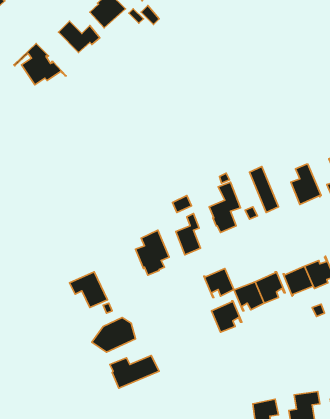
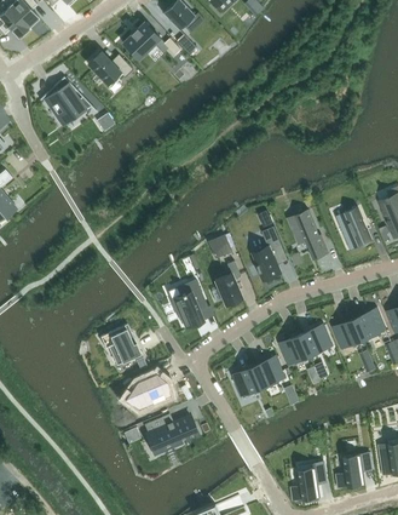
building: [204,268,234,297] -> [230,366,263,397]

